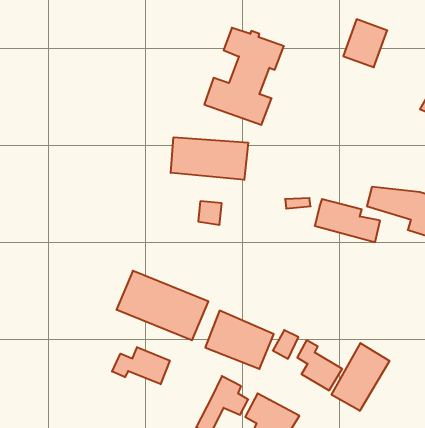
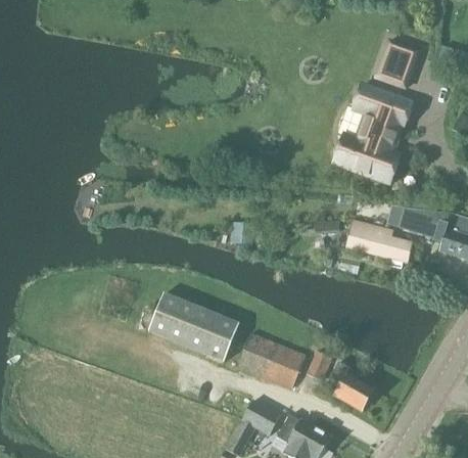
building: [204,28,284,125] -> [333,85,413,182]
building: [171,137,248,180] -> none
building: [332,343,389,411] -> none
building: [112,347,170,384] -> none

